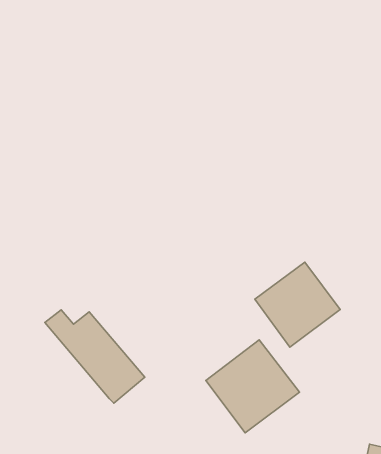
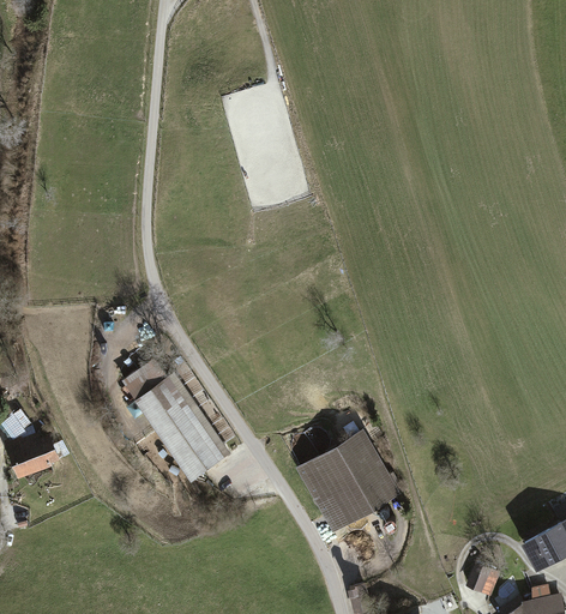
building: [255,262,340,347] -> none

